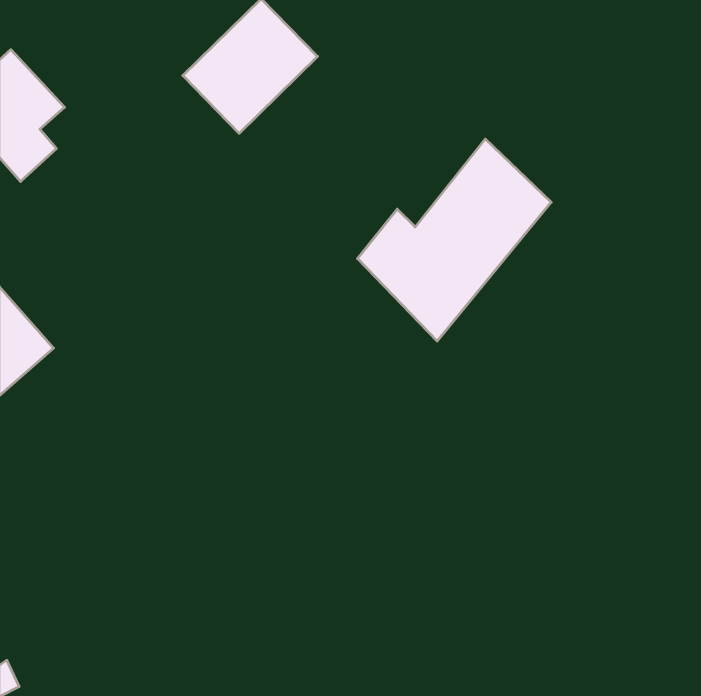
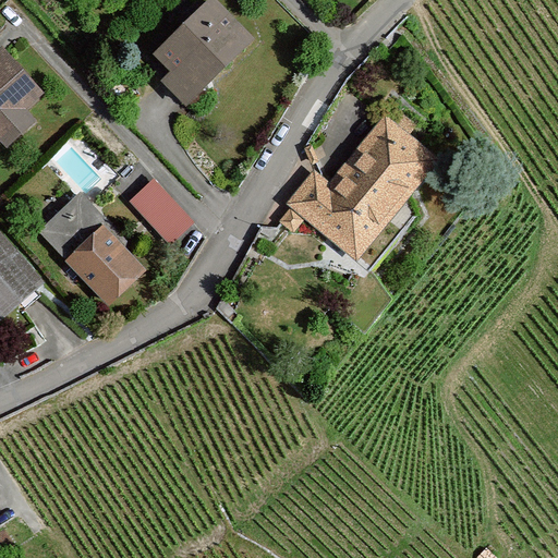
building: none -> [128,180,194,246]
building: none -> [34,190,145,306]

